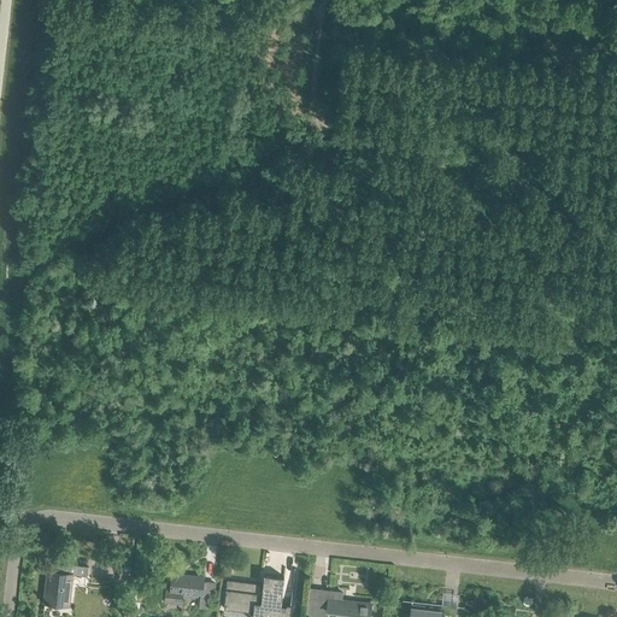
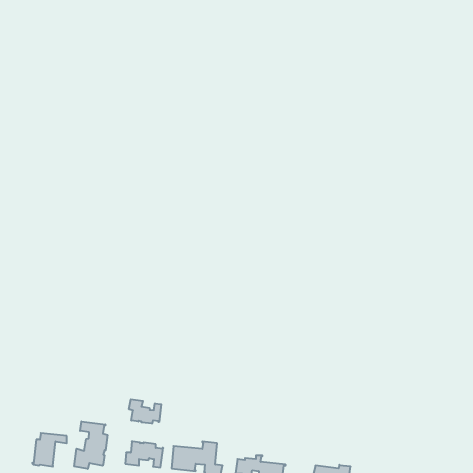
building: none -> [129,399,161,424]
building: none -> [74,421,107,469]

